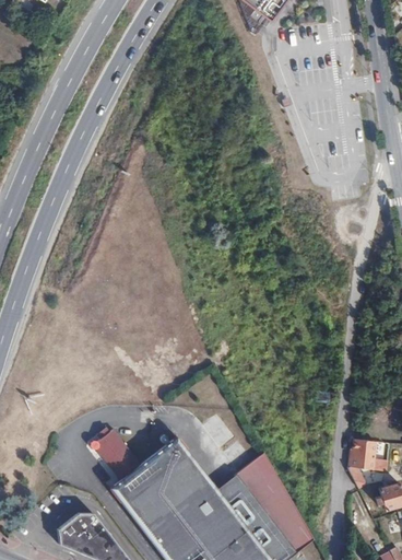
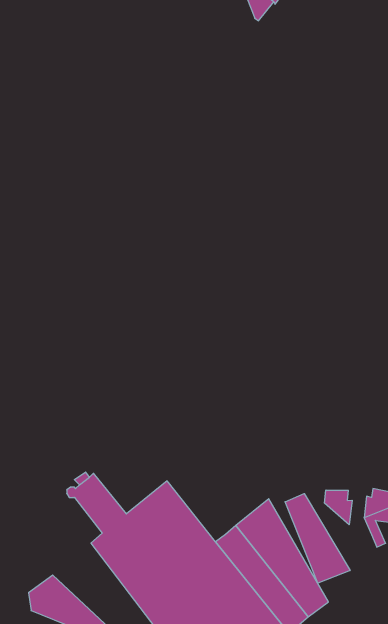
building: none -> [324,490,352,525]
building: none -> [285,494,350,583]

